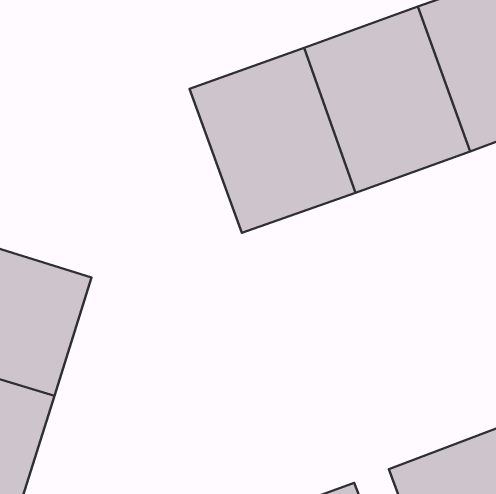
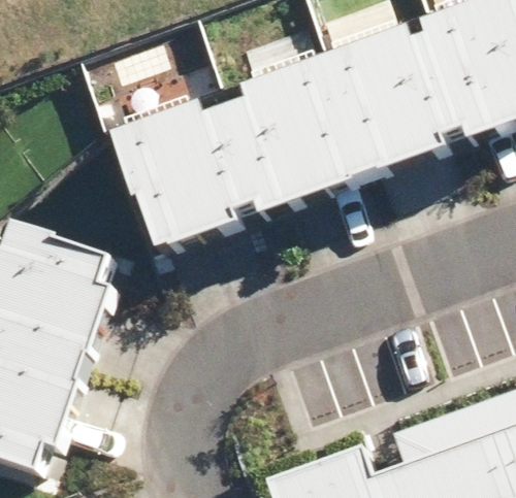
building: none -> [107,82,261,254]

